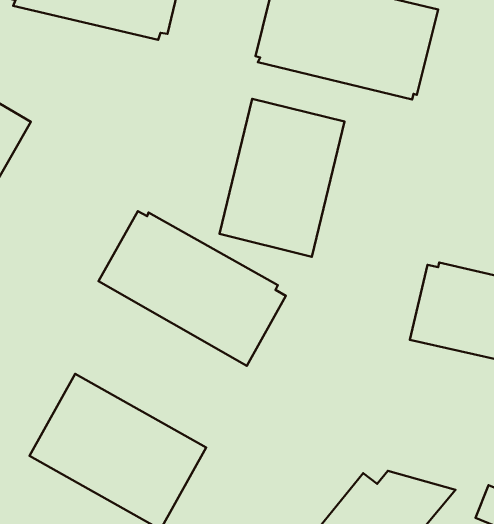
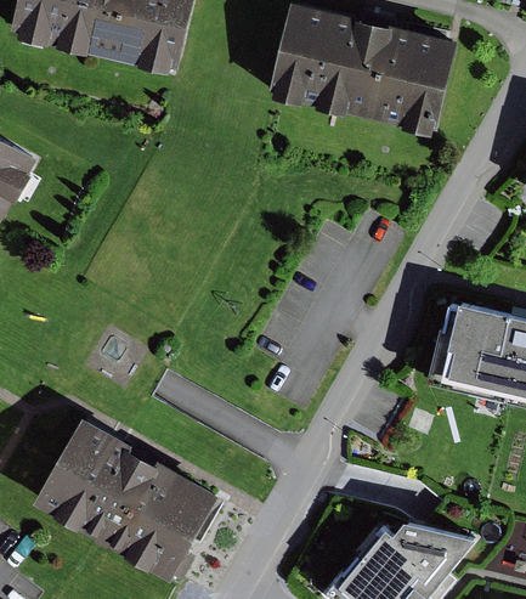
building: [219,99,344,257] -> none
building: [99,211,286,366] -> none

